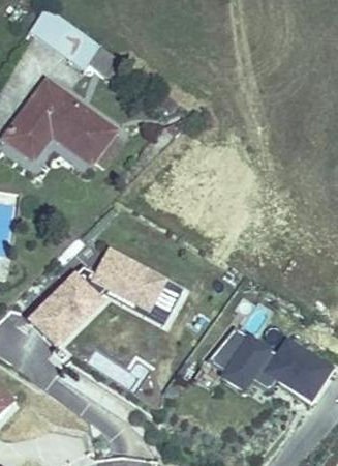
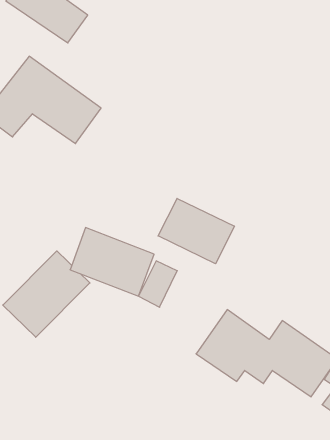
building: none -> [158,198,234,264]

